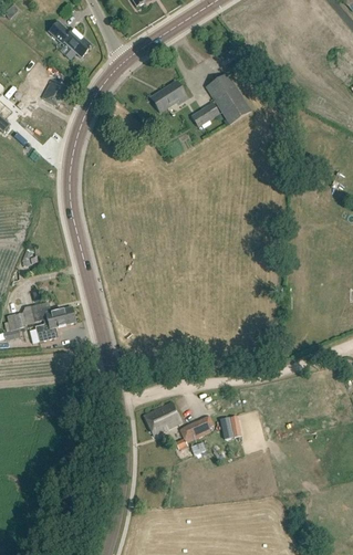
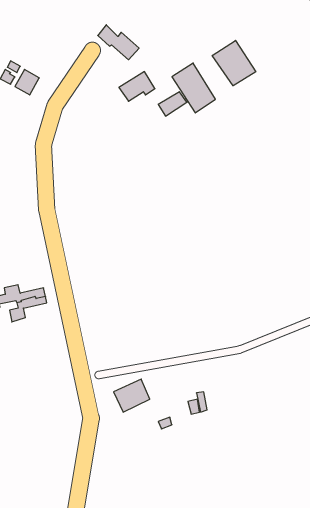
building: [49,20,92,56] -> [98,25,139,60]
building: none -> [212,40,256,86]
building: [175,415,214,449] -> none

